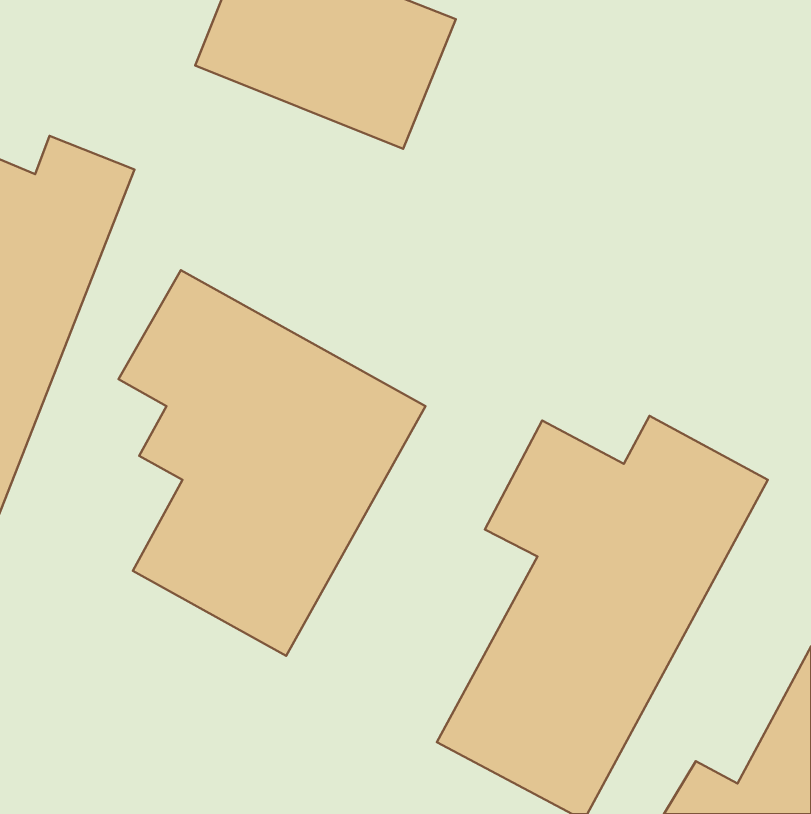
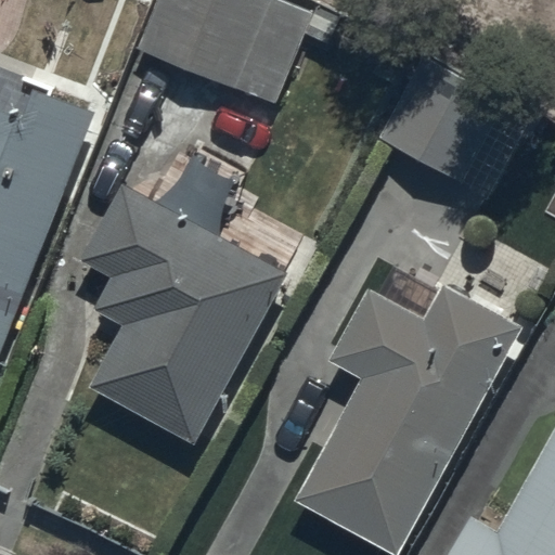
building: none -> [390,82,528,195]

